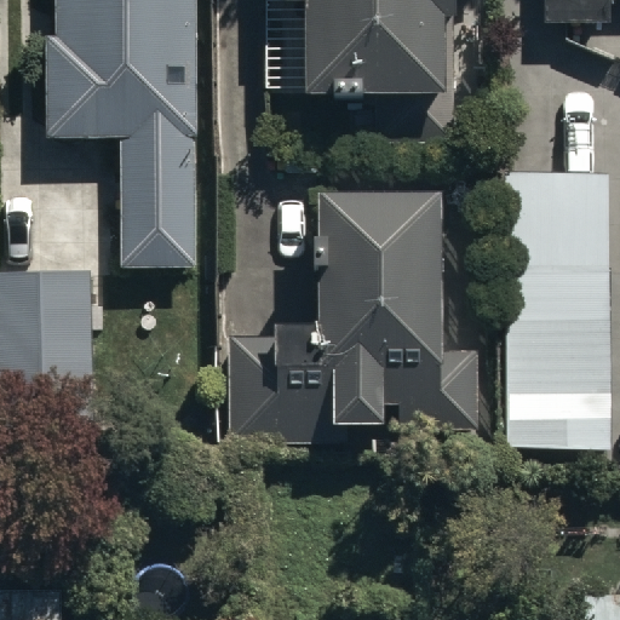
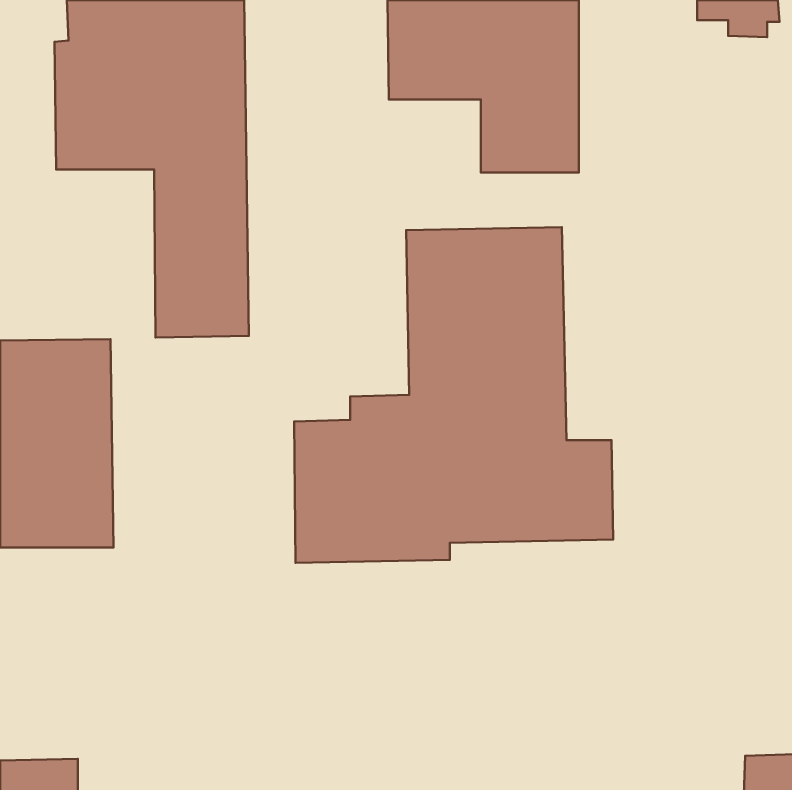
building: [503,171,614,446] -> none

